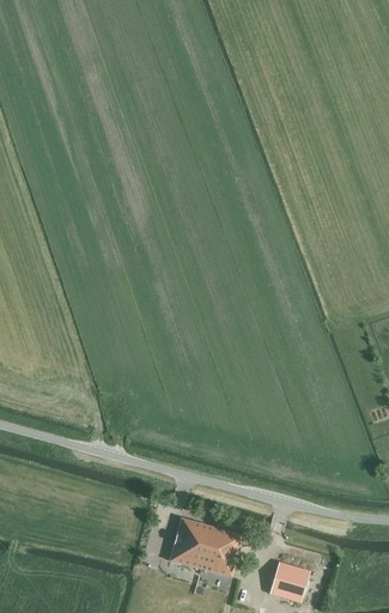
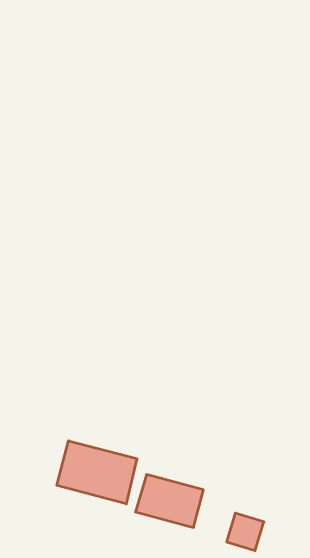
building: none -> [57,441,137,504]

